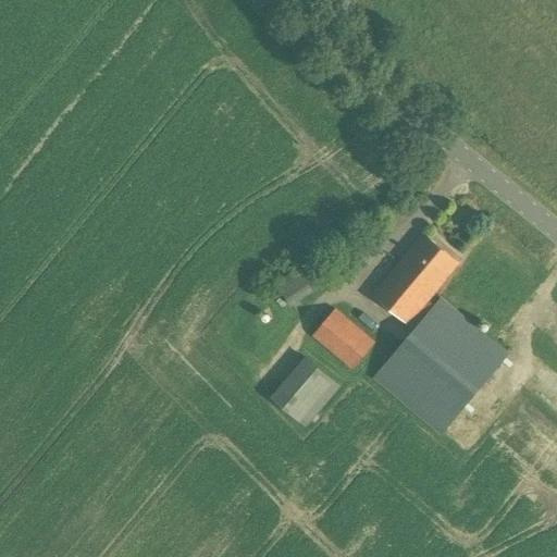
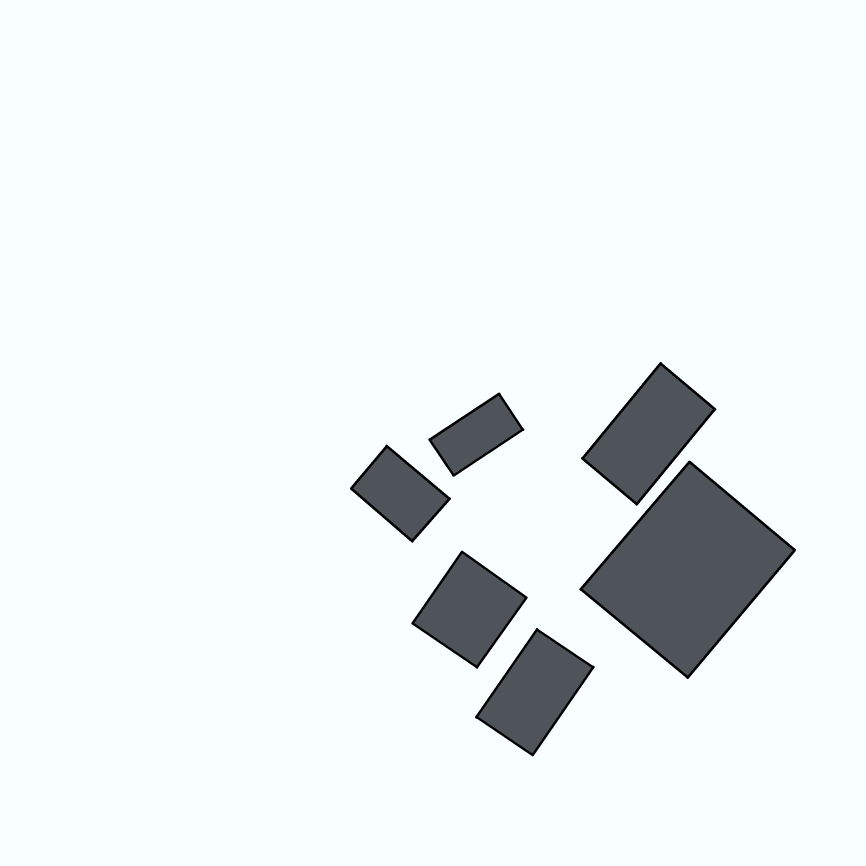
building: [313,308,376,369] -> [351,446,450,541]
building: none -> [476,629,593,755]

